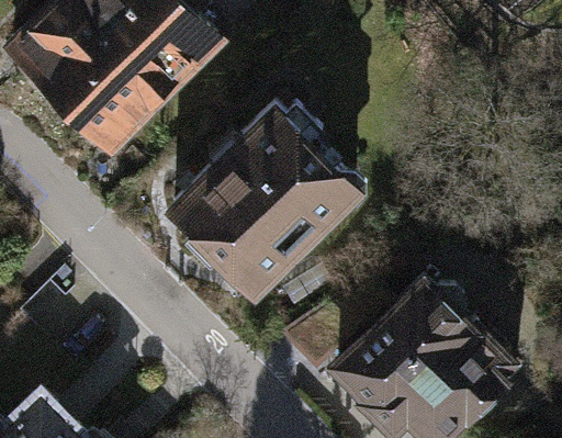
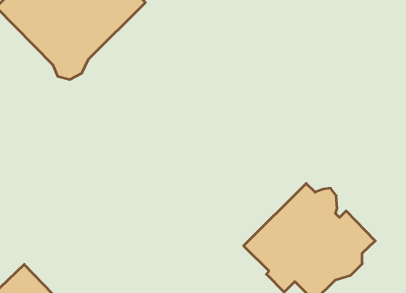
building: [176,110,359,292] -> none

